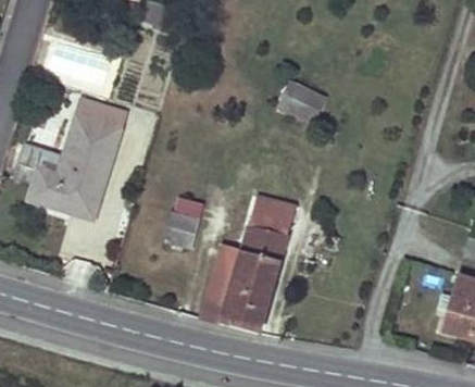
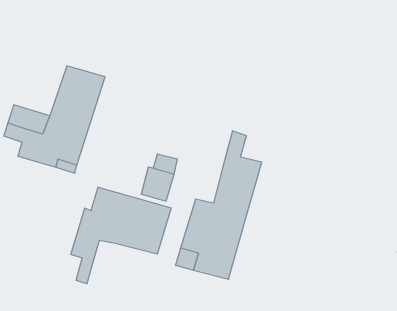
building: [278,79,327,123] -> none
building: none -> [71,187,171,284]

